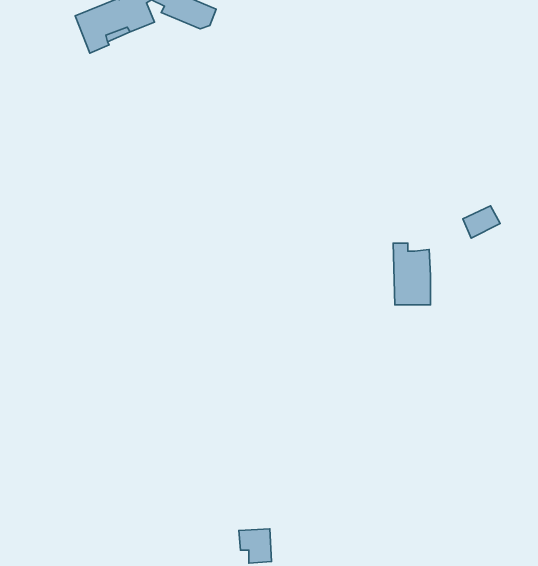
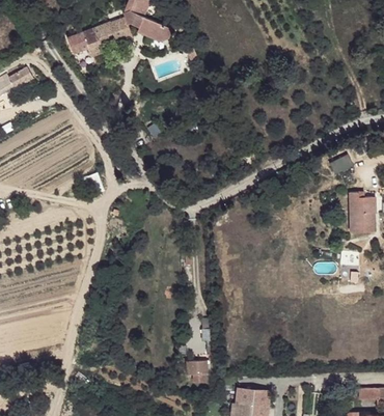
building: [393,243,431,305] -> [350,192,374,231]

